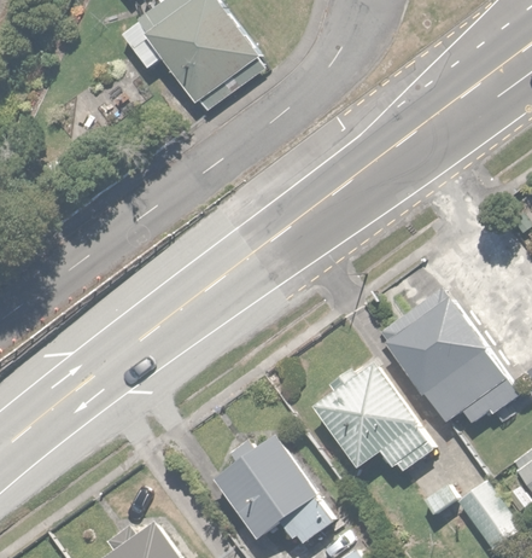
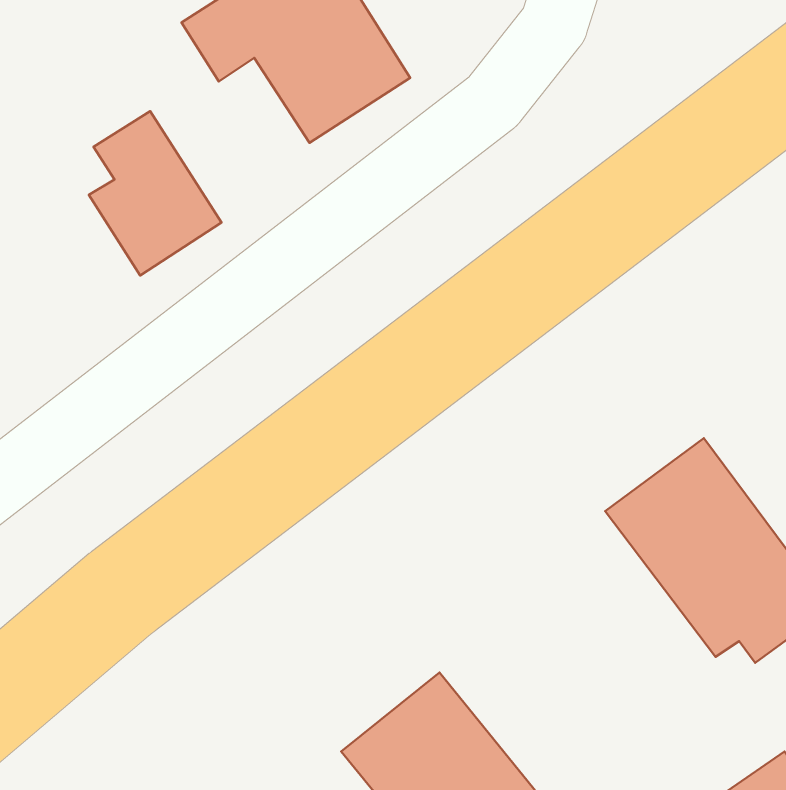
building: none -> [89,111,222,276]
building: [314,358,444,477] -> none

